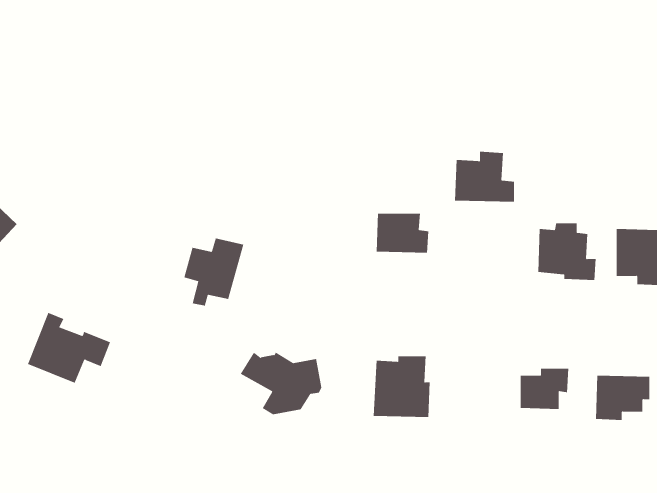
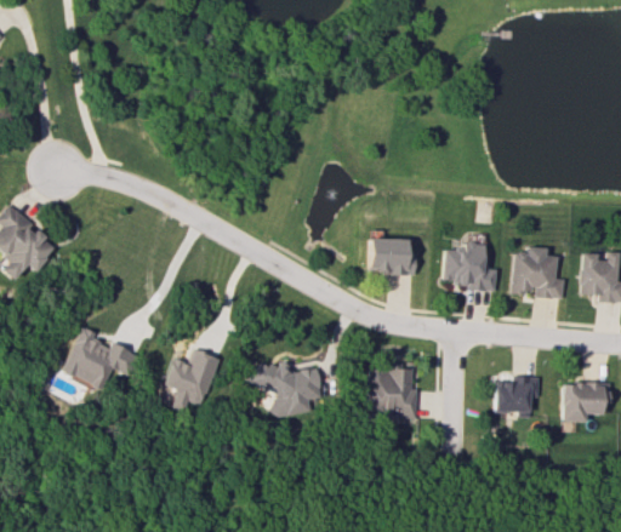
building: [454,151,515,202] -> [444,242,497,287]
building: [184,238,244,306] -> [165,350,218,411]

